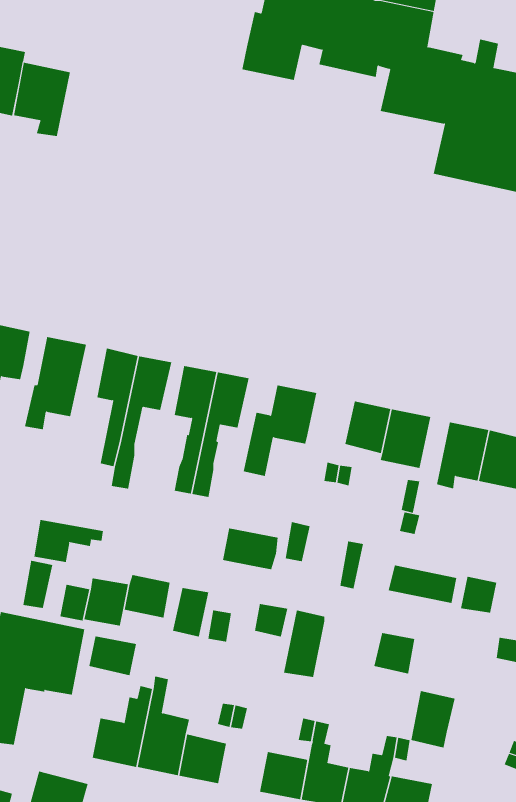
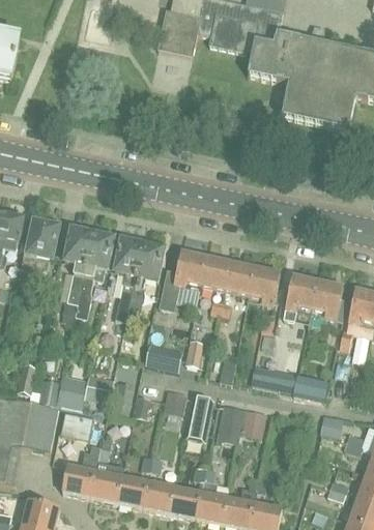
building: [14,62,70,137] -> none
building: none -> [201,255,231,288]
building: [34,519,103,563] -> none
building: [410,690,455,748] -> [220,404,249,441]
building: none -> [144,480,175,511]

